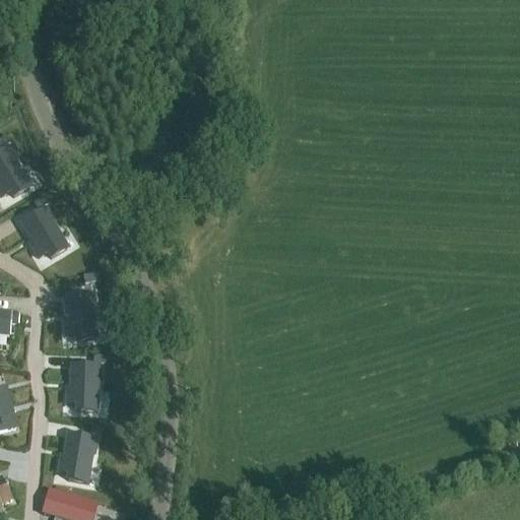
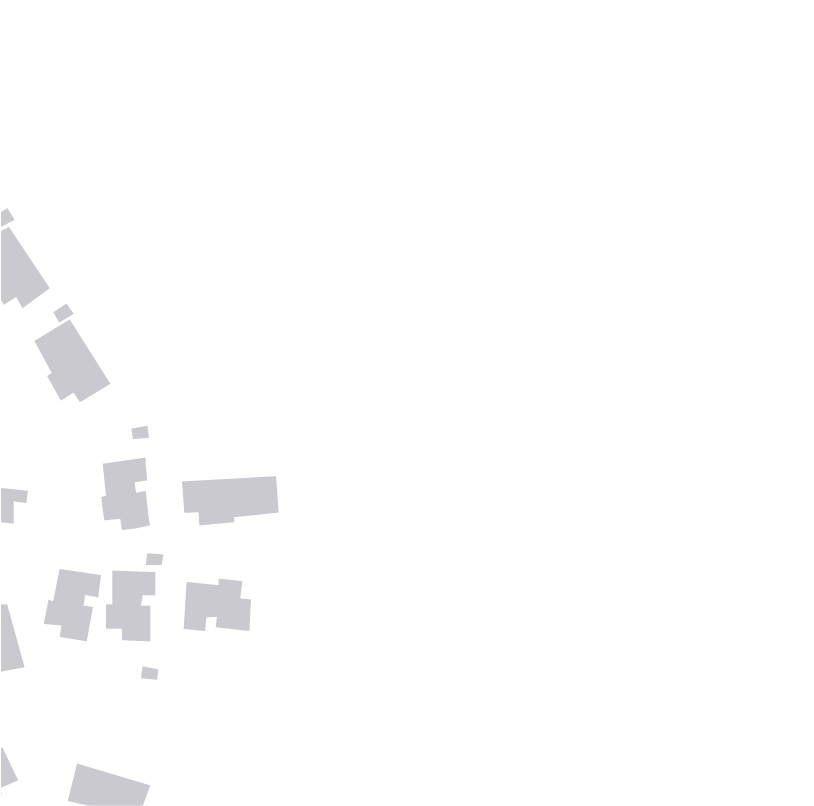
building: none -> [181,475,279,526]
building: none -> [183,578,252,632]
building: [58,434,95,480] -> [43,569,102,642]

